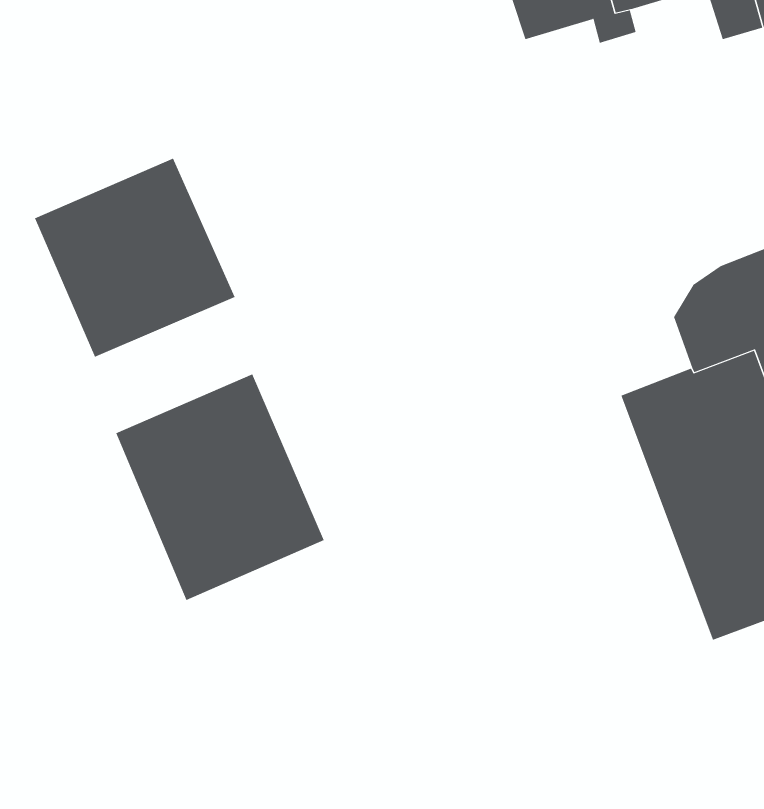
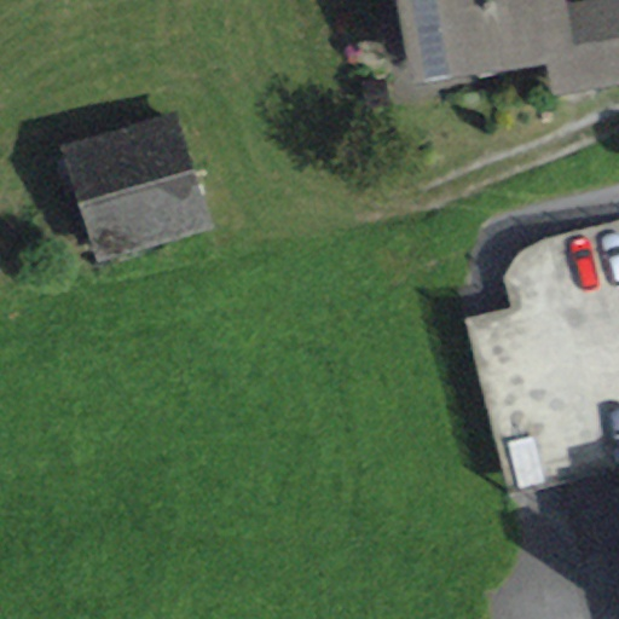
building: [115,373,325,601] -> none

